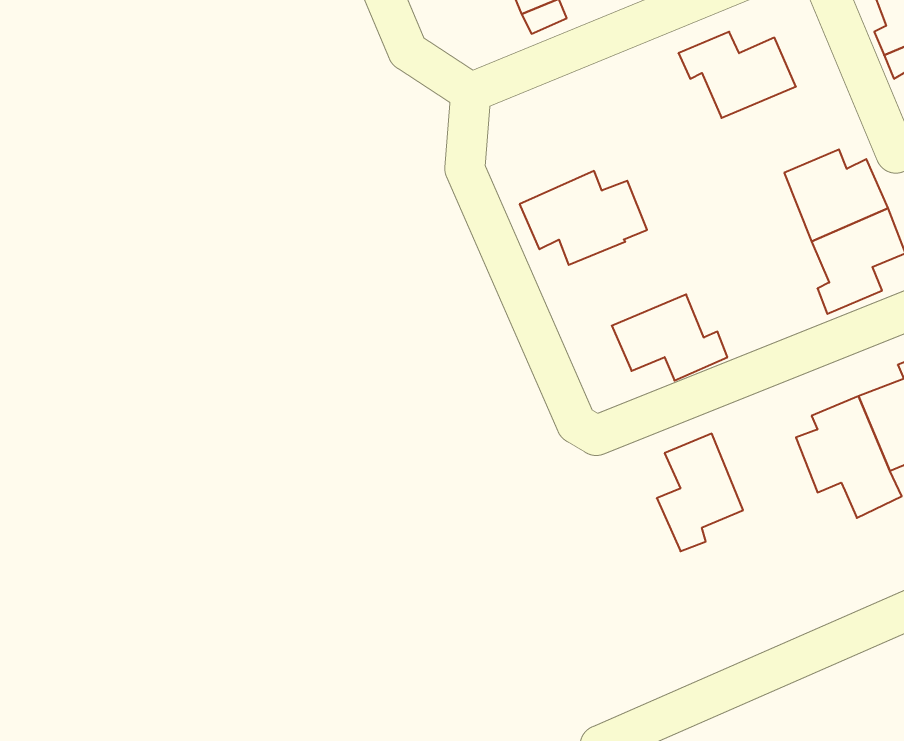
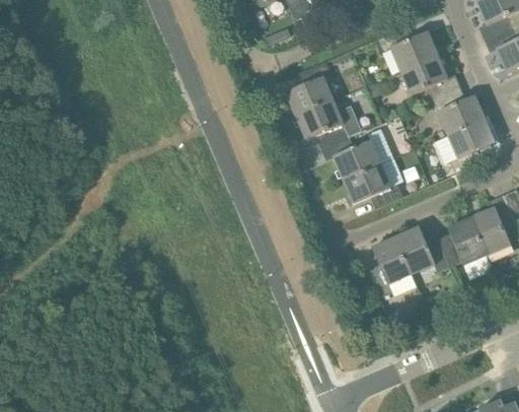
building: none -> [400,56,461,100]
building: none -> [286,61,335,117]
building: none -> [321,136,382,180]
building: none -> [395,225,450,275]

